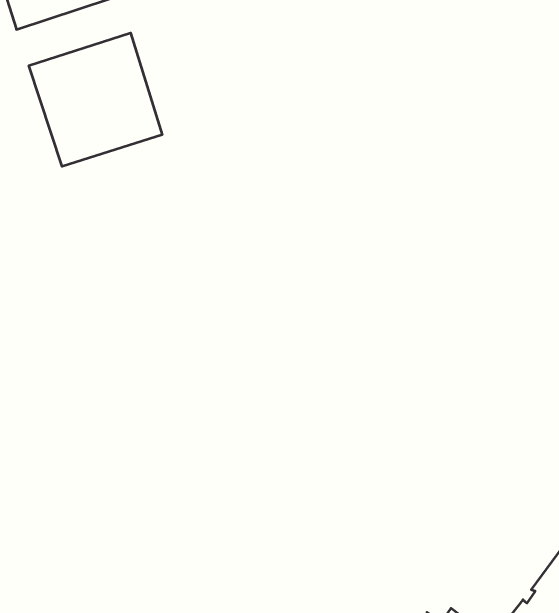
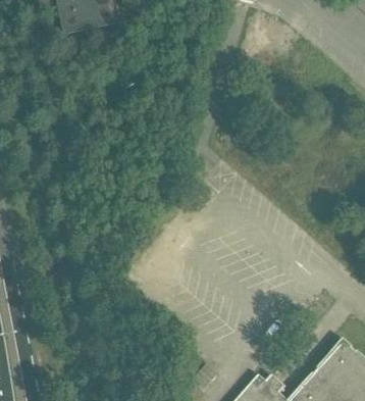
building: [29,33,162,166] -> none

